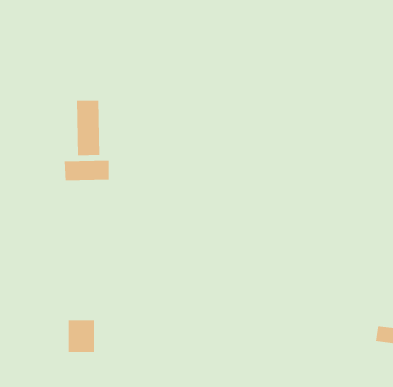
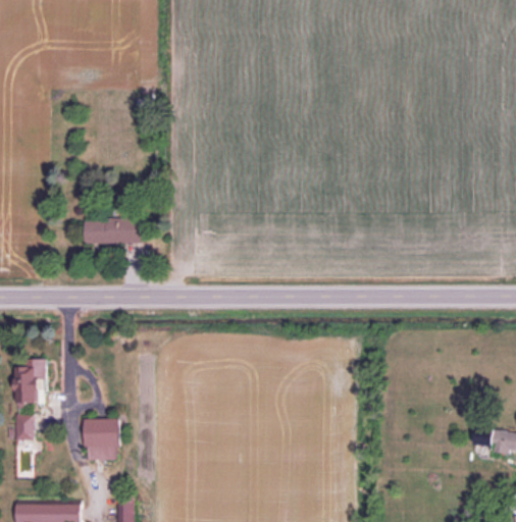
building: [76,100,100,156] -> none
building: none -> [15,359,46,439]

